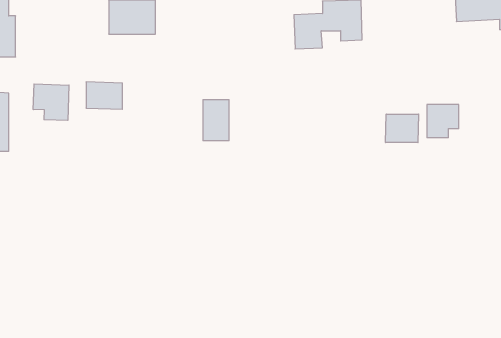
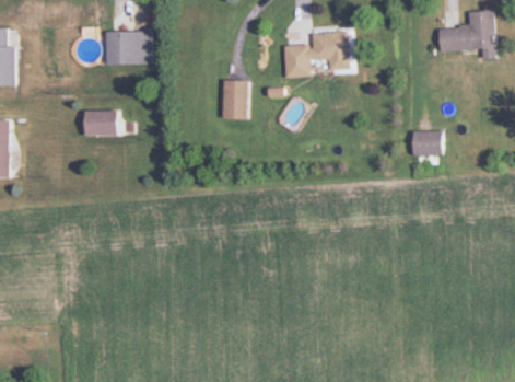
building: [33,84,69,120] -> none
building: [203,100,229,141] -> [222,80,247,119]
building: [386,114,419,143] -> none

